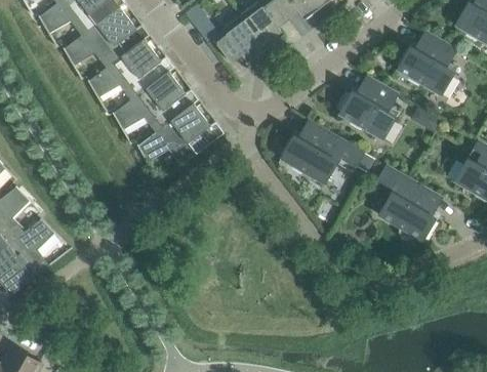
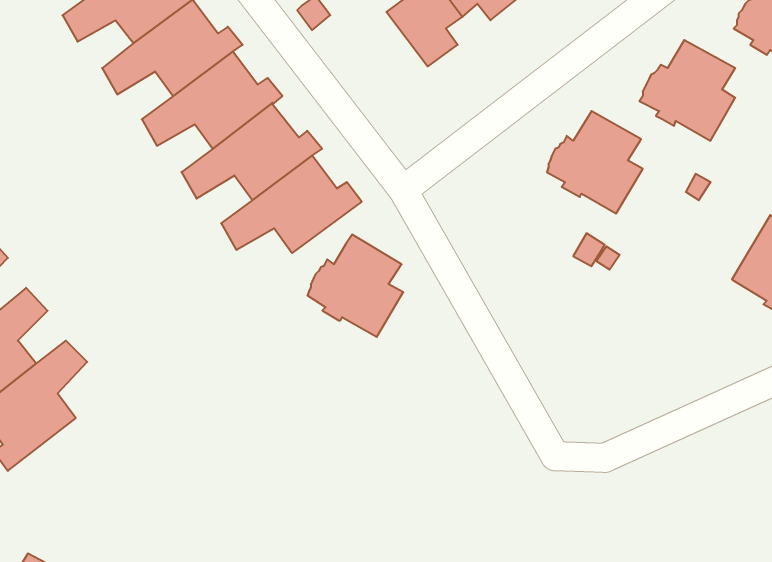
building: [211,14,266,63] -> none
building: [281,120,340,183] -> [307,235,403,337]
building: [374,165,441,241] -> none

